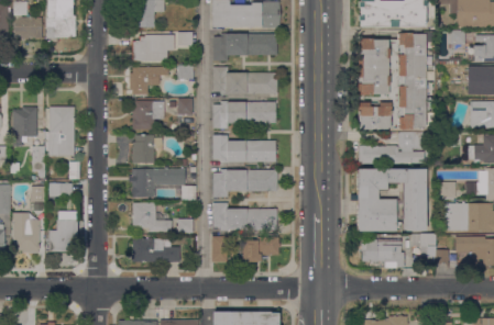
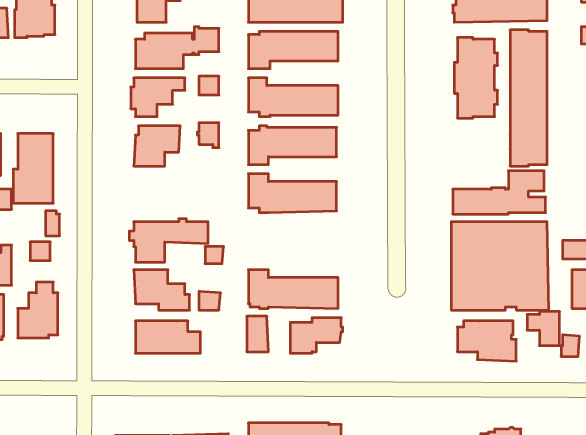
building: [358,102,392,130] -> none
building: [133,135,162,164] -> none
building: [213,169,277,198] -> none

